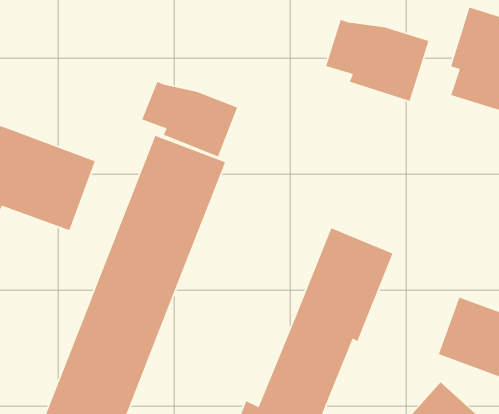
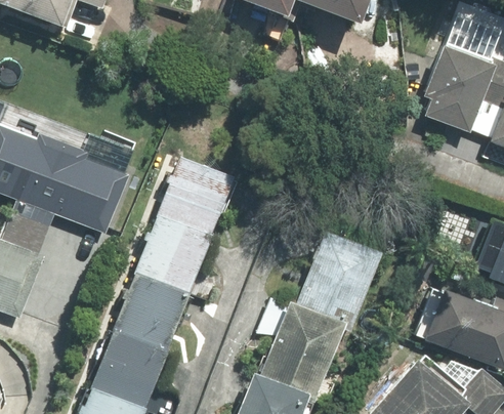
building: [325,19,429,102] -> none
building: [141,81,238,158] -> none

